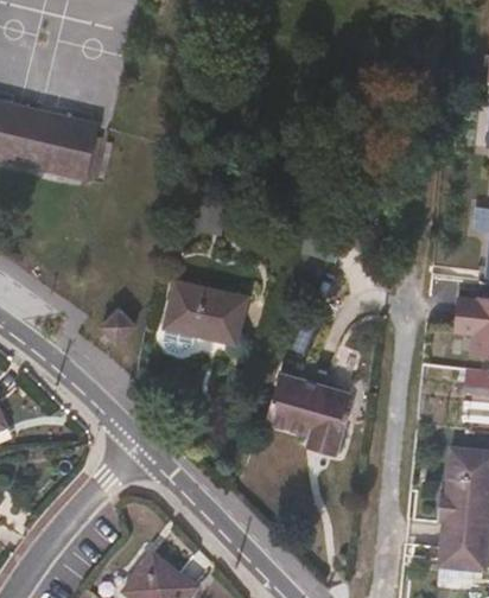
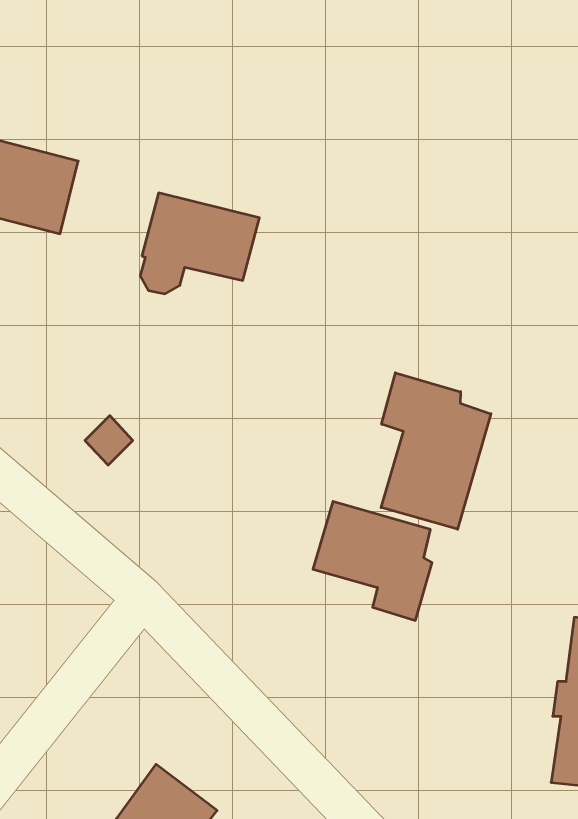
building: none -> [381,373,491,529]
building: [164,280,249,352] -> [140,193,259,294]

